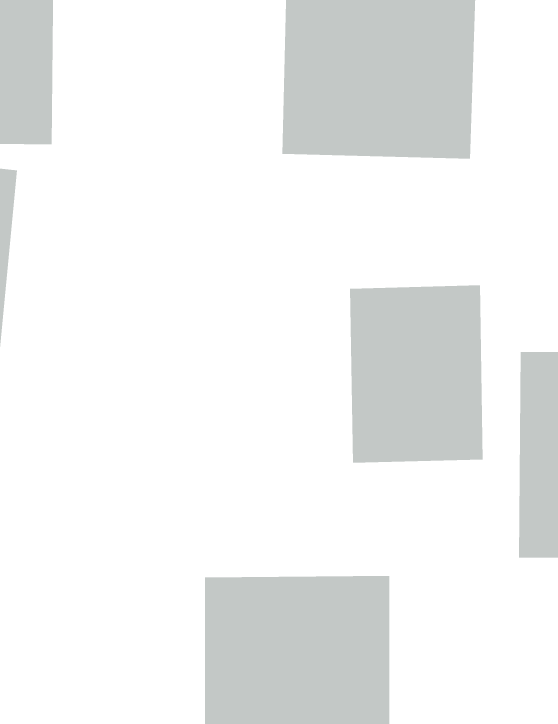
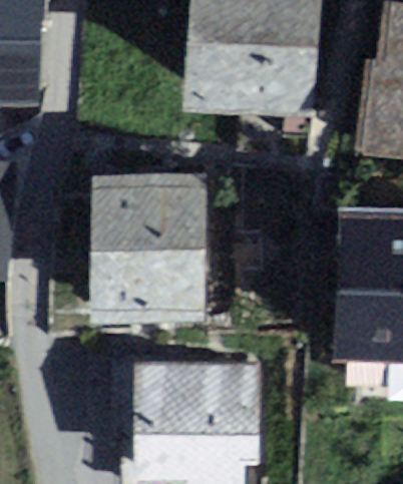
building: none -> [93,183,198,309]
building: [350,285,483,464] -> none

